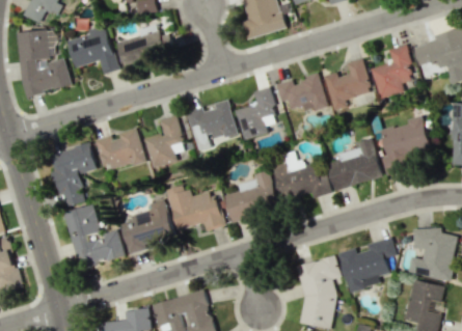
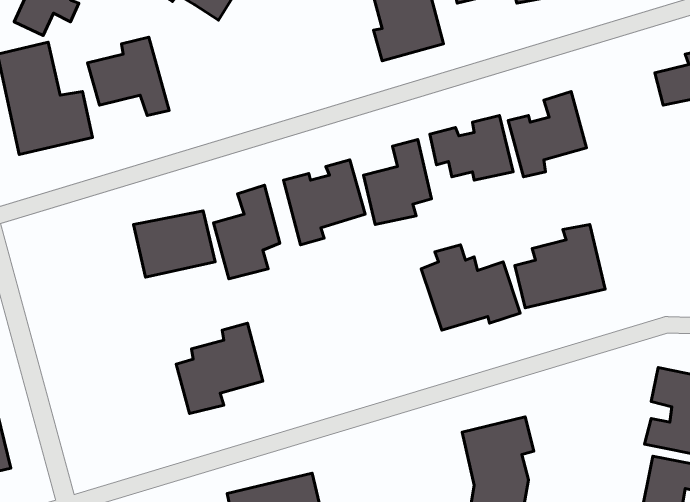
building: [116,29,173,67] -> none
building: [370,45,411,99] -> none
building: [381,116,430,175] -> none
building: [49,144,97,208] -> none
building: [225,170,279,222] -> none
building: [166,185,224,231] -> none
building: [64,205,125,268] -> none
building: [338,238,397,293] -> none

